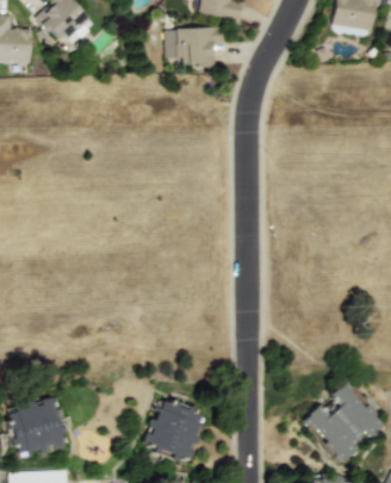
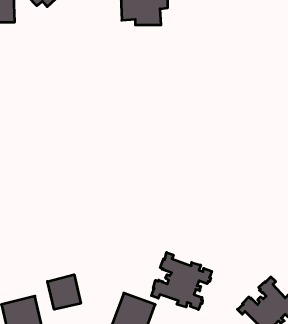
building: none -> [151,252,212,310]
building: none -> [47,275,81,309]

